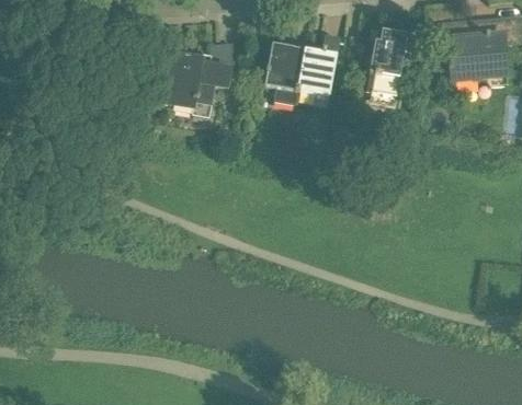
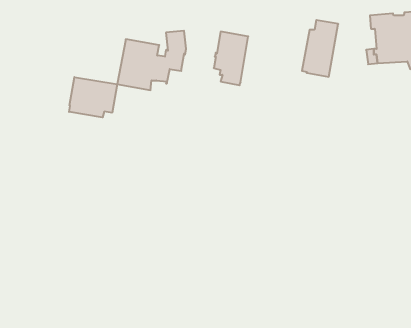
building: [297,33,342,105] -> none
building: none -> [69,77,117,117]

